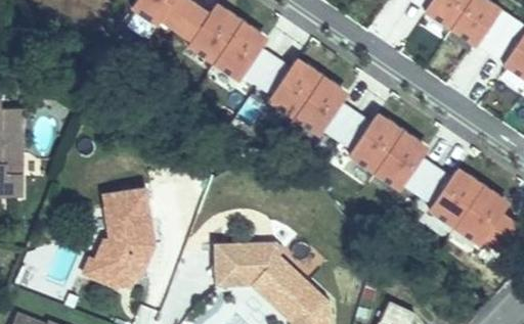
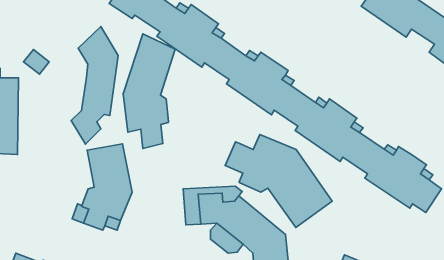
building: none -> [71,27,118,144]
building: none -> [123,34,175,148]
building: none -> [225,135,332,227]

